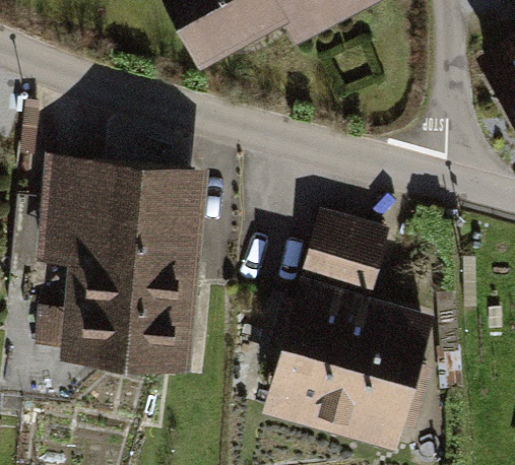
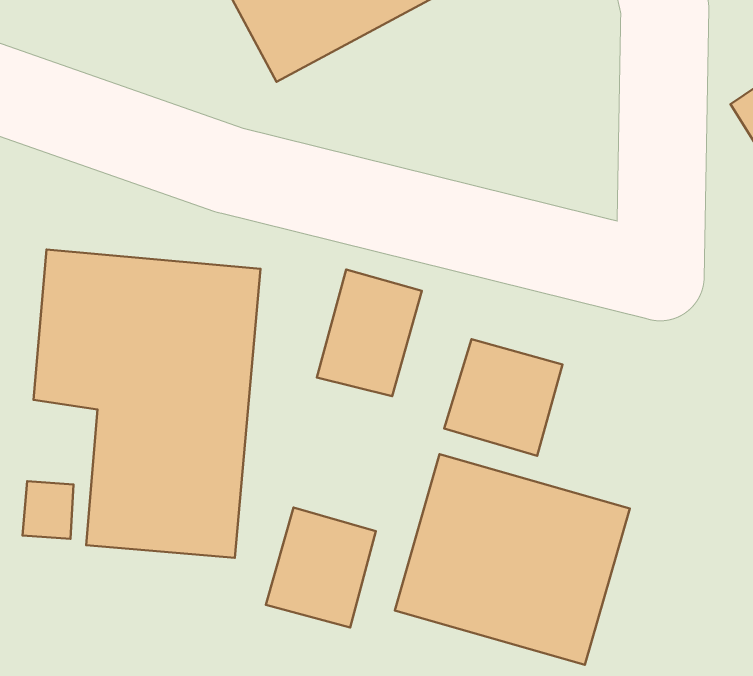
building: none -> [317,269,422,396]
building: none -> [266,508,376,628]

